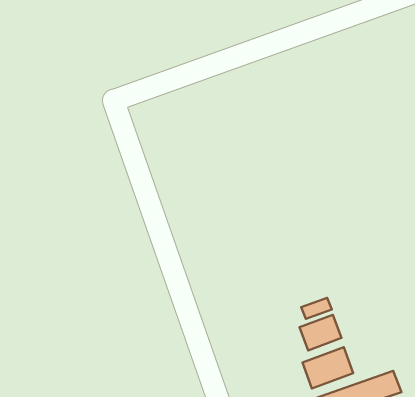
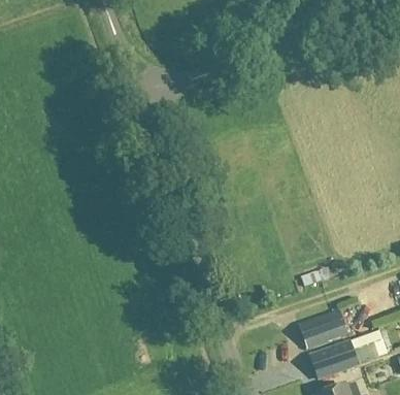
building: [299,315,341,350] -> none

